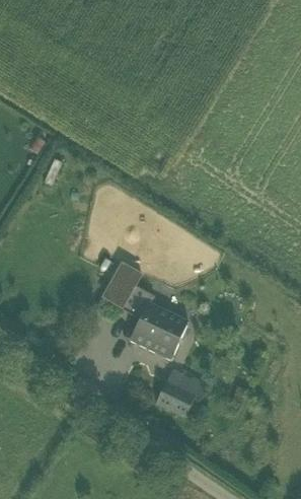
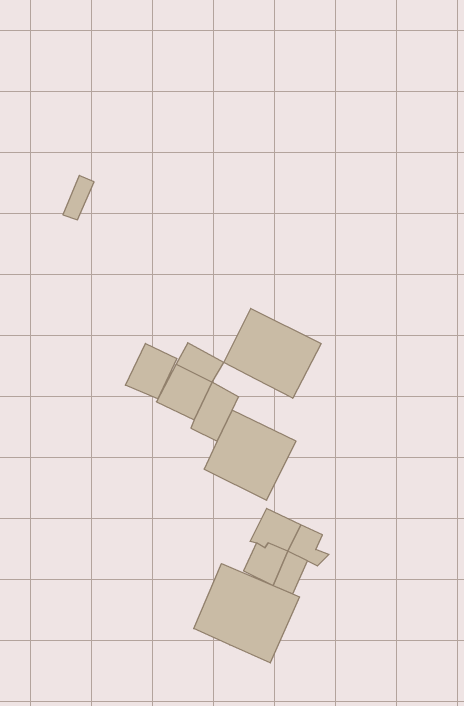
building: none -> [224,308,321,398]
building: none -> [125,343,177,399]
building: none -> [194,564,300,663]

